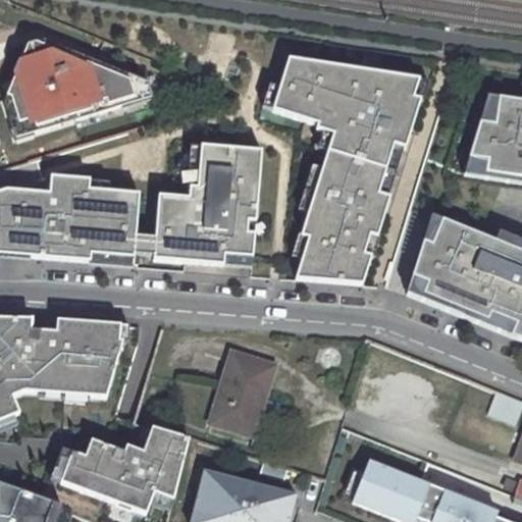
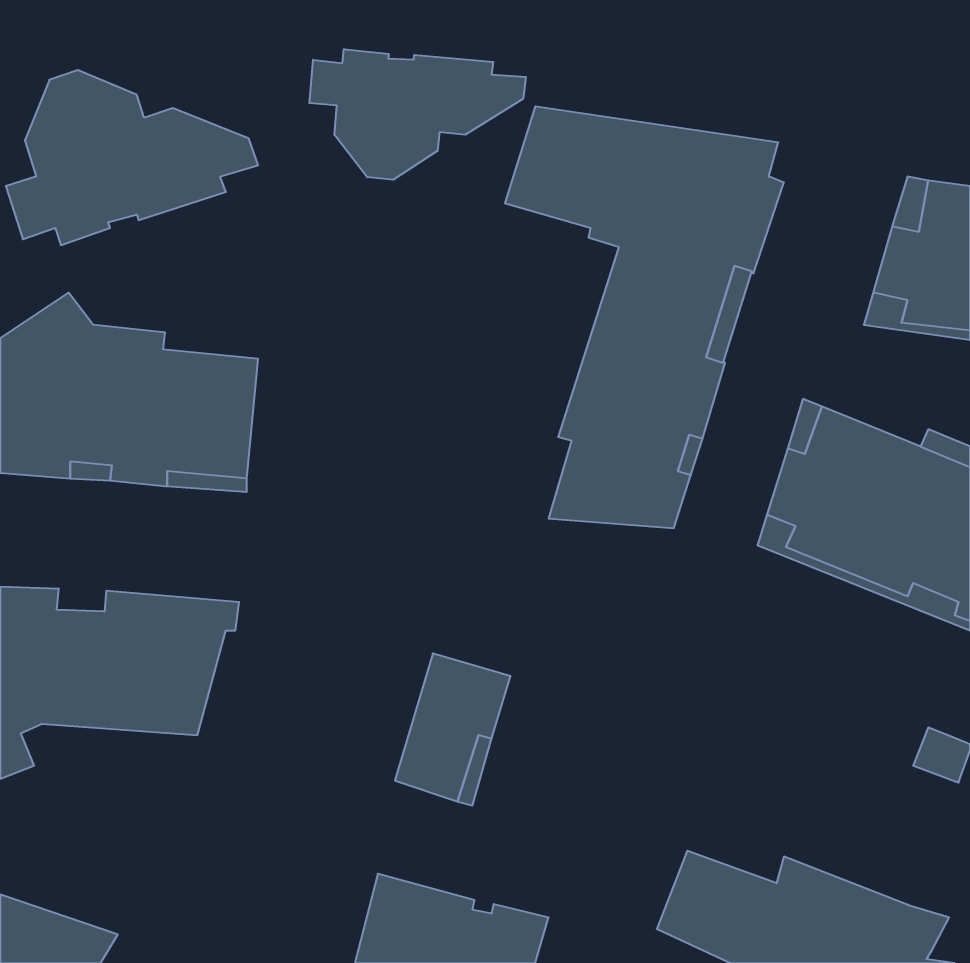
building: none -> [309,49,526,180]
building: [152,144,261,264] -> none
building: [60,426,188,513] -> none

